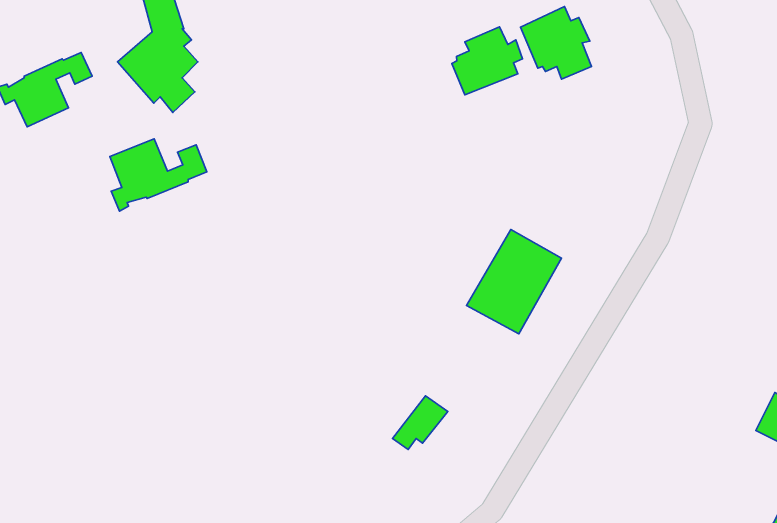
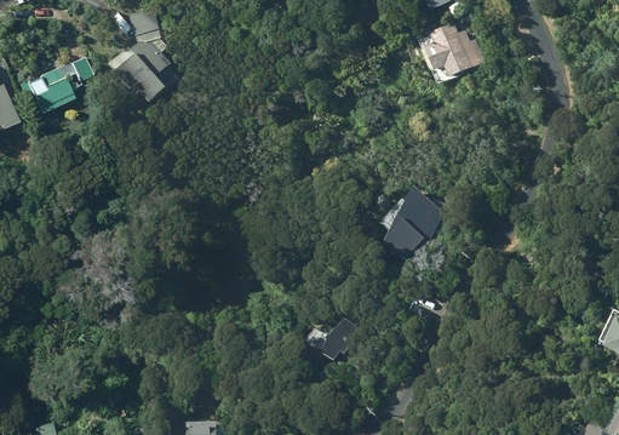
building: [452,27,522,95] -> none
building: [110,139,207,211] -> none

